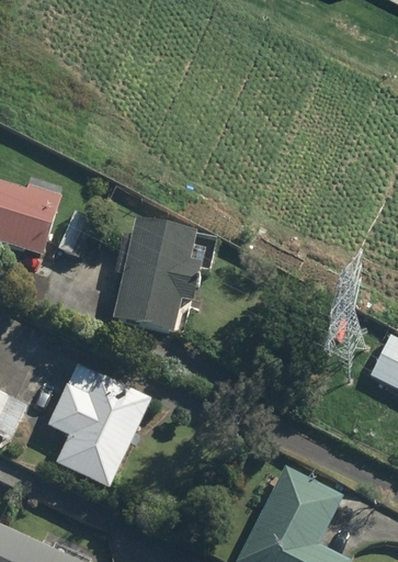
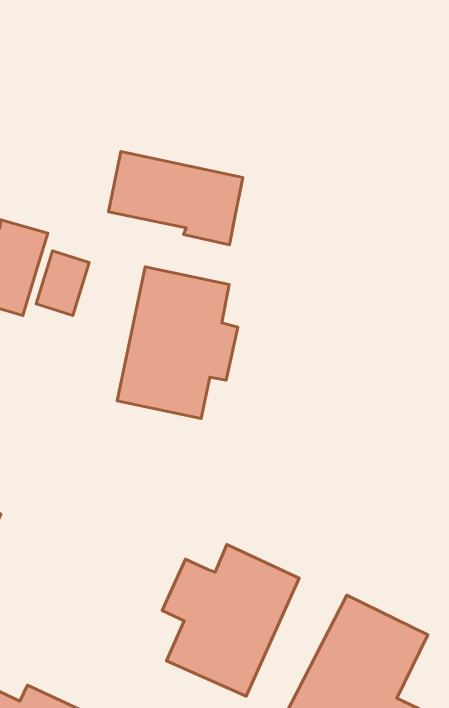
building: none -> [109,152,243,245]
building: [46,376,148,490] -> [162,544,299,696]

